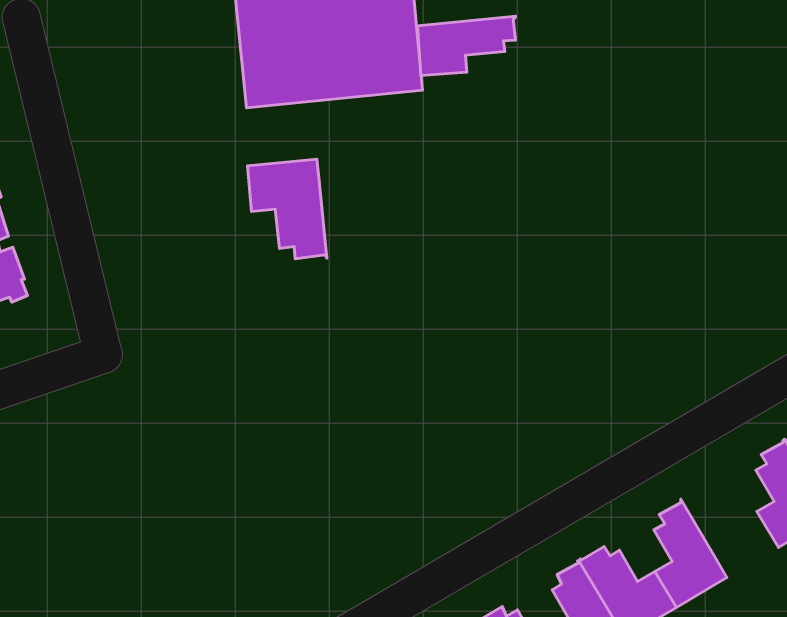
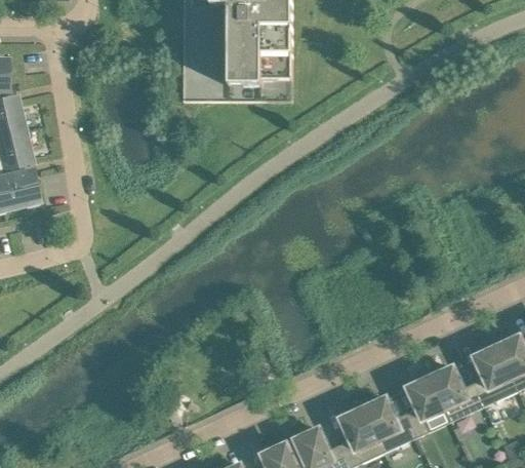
building: [418,16,516,75] -> none
building: [248,159,327,259] -> none
building: none -> [428,363,485,421]

